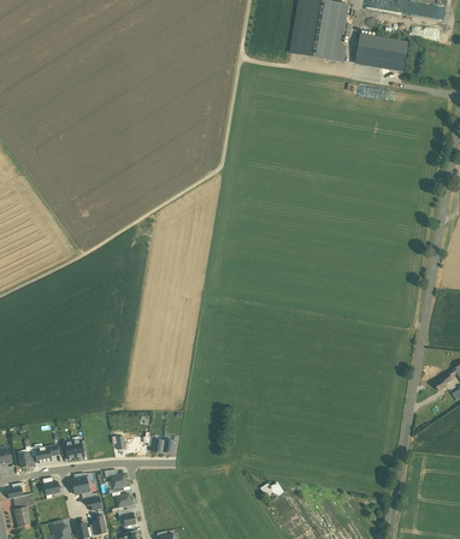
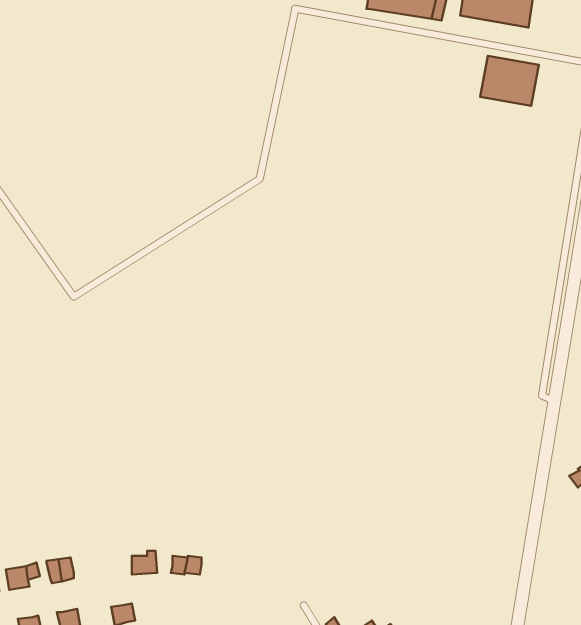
building: none -> [480,56,539,106]

